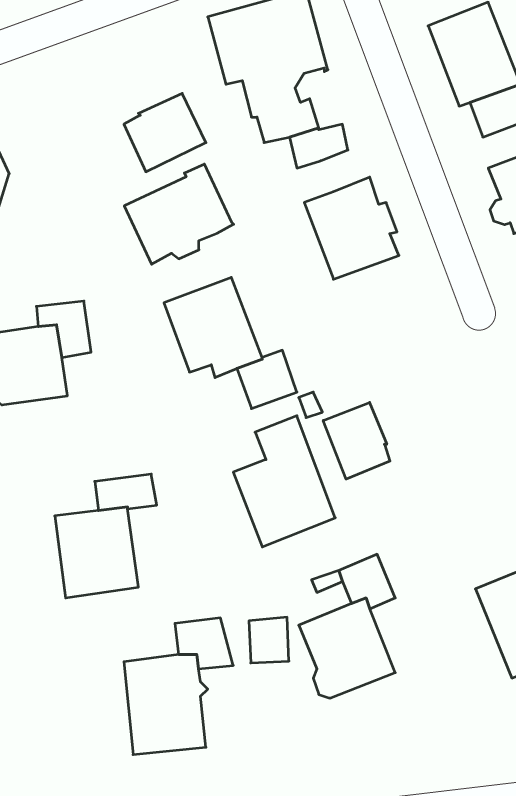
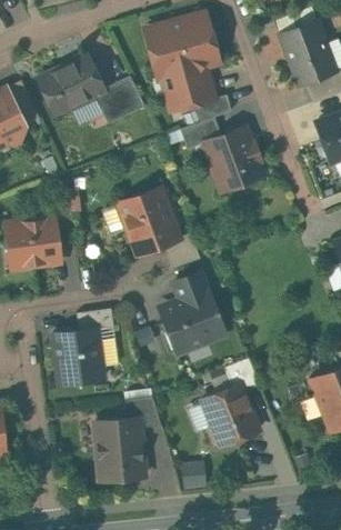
building: none -> [179,118,221,150]
building: [124,164,234,264] -> [37,53,103,114]
building: [323,402,390,479] -> none
building: [249,617,289,663] -> [184,458,209,486]

